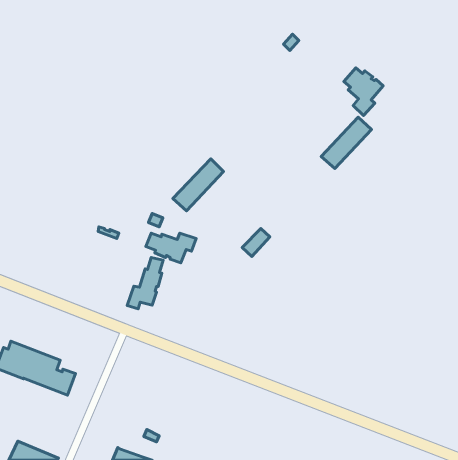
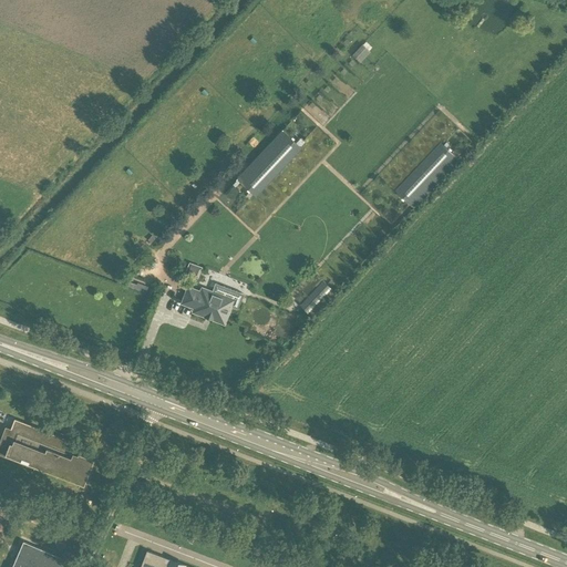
building: [344,68,383,115] -> none
building: [173,159,223,211] -> [235,130,297,194]
building: [127,257,163,309] -> none

